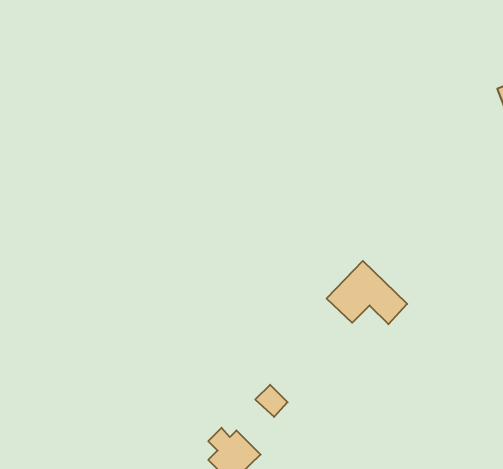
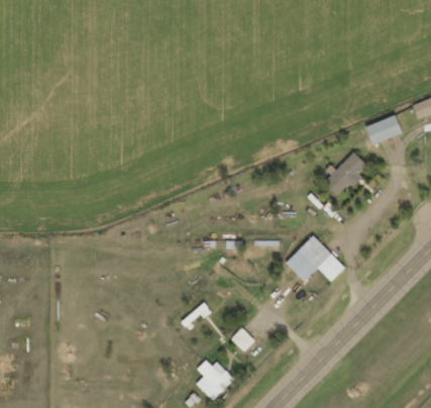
building: none -> [365,115,402,144]
building: none -> [324,151,368,196]

